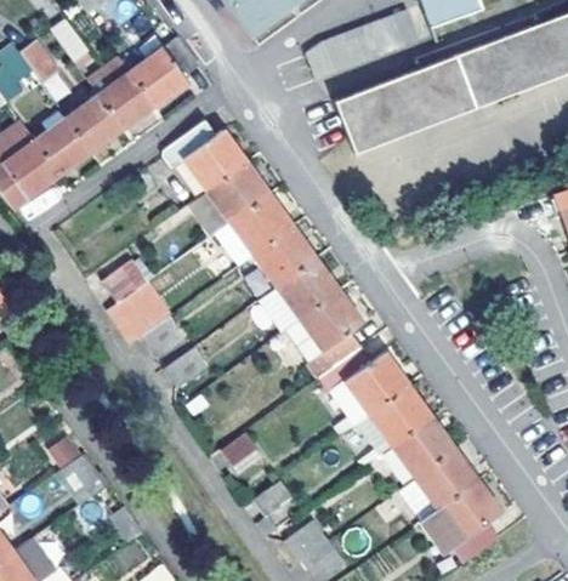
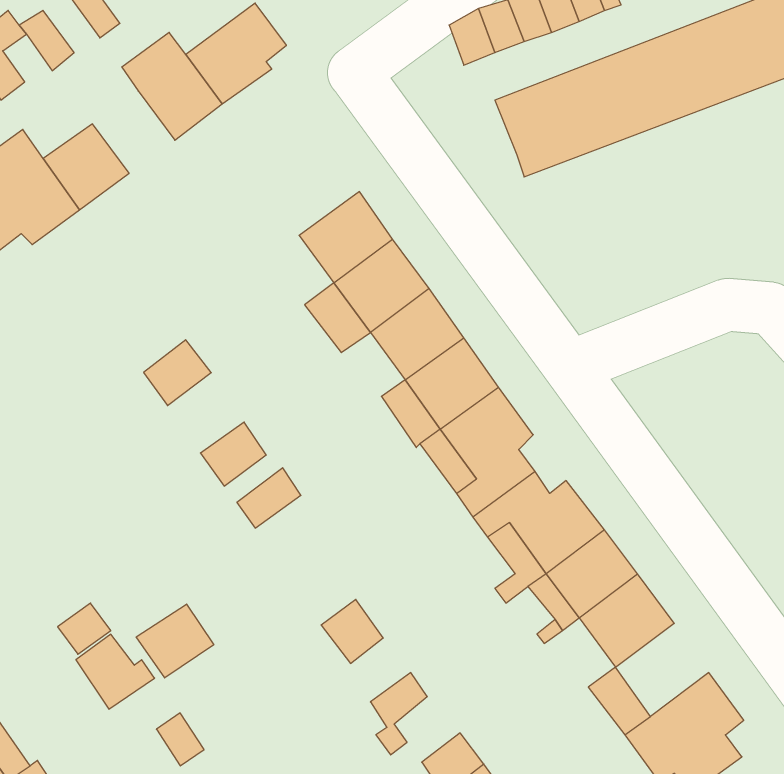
building: [69,95,124,149] -> none
building: [161,120,246,190] -> none
building: [119,281,170,335] -> none
building: none -> [136,604,214,678]
building: [416,448,478,509] -> none

